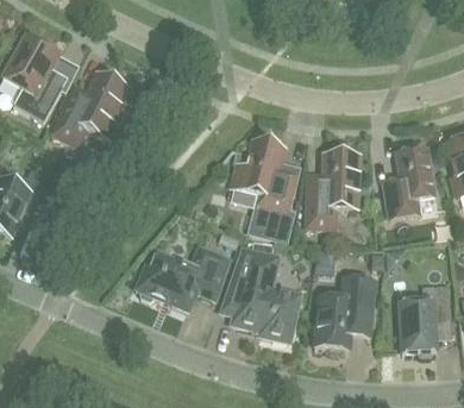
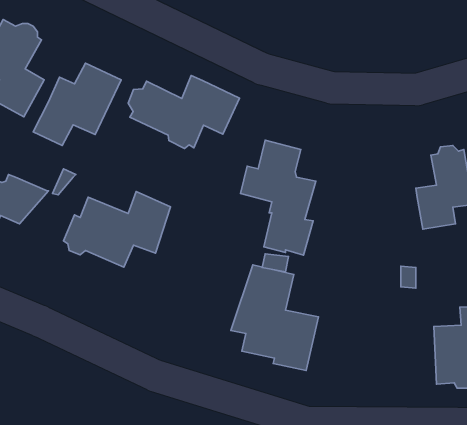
building: none -> [128,76,239,148]
building: [306,153,358,226] -> none
building: [136,244,228,309] -> [64,192,171,267]
building: [314,276,374,352] -> none

